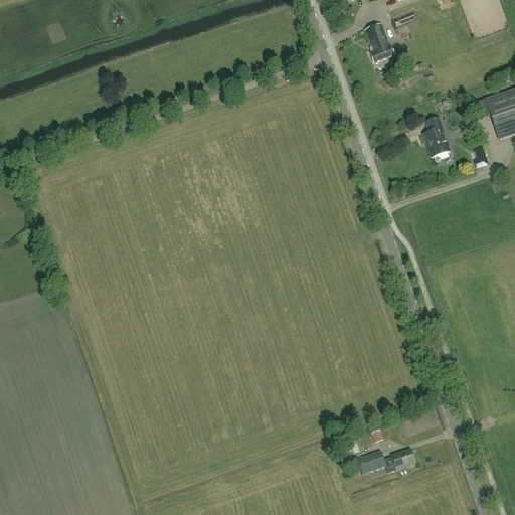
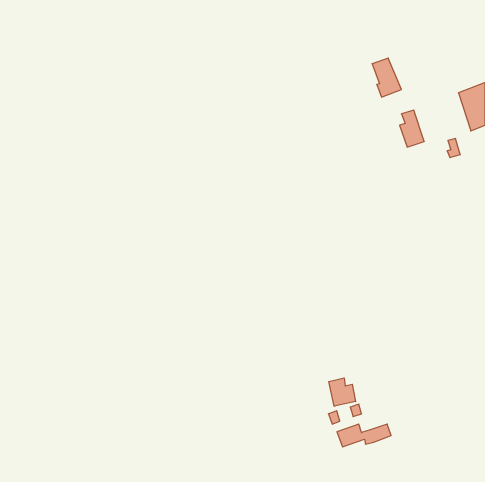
building: [364,23,395,64] -> [372,58,401,97]
building: none -> [329,378,356,406]

